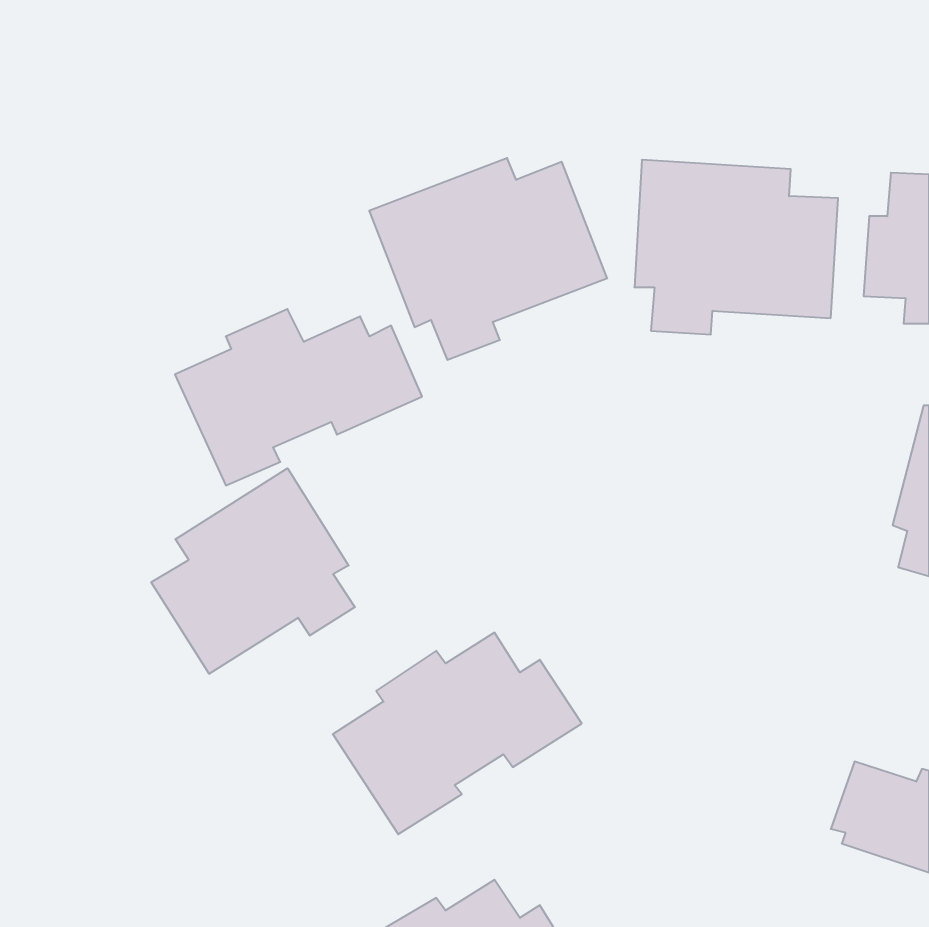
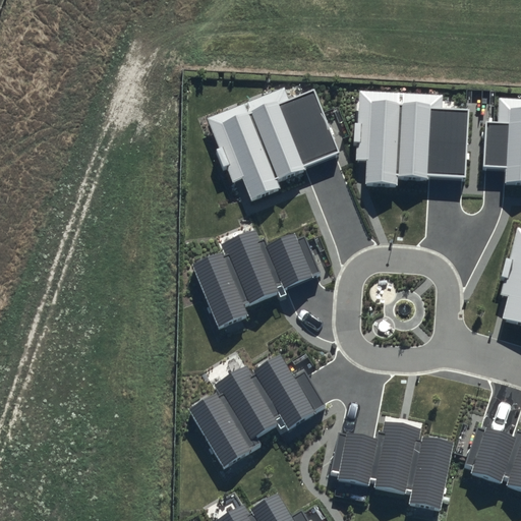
building: [175,309,422,485] -> [189,229,328,328]
building: [151,468,355,674] -> none
building: none -> [332,421,454,511]

